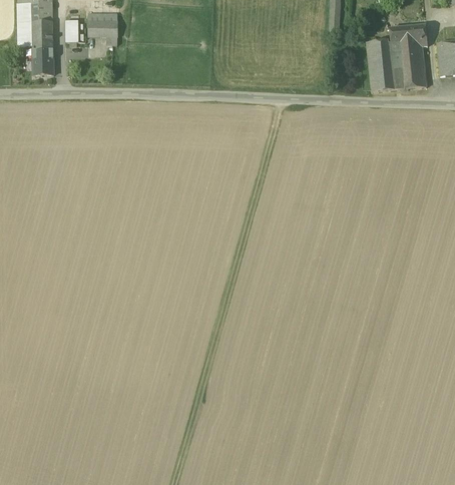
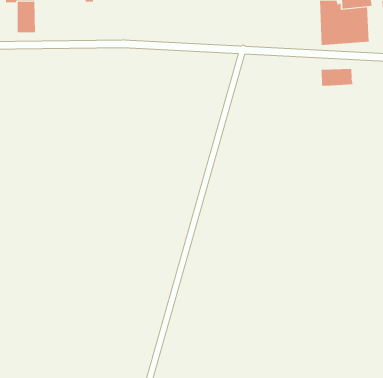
building: none -> [321,68,353,86]

